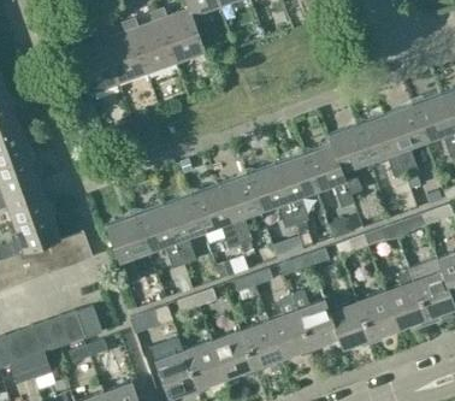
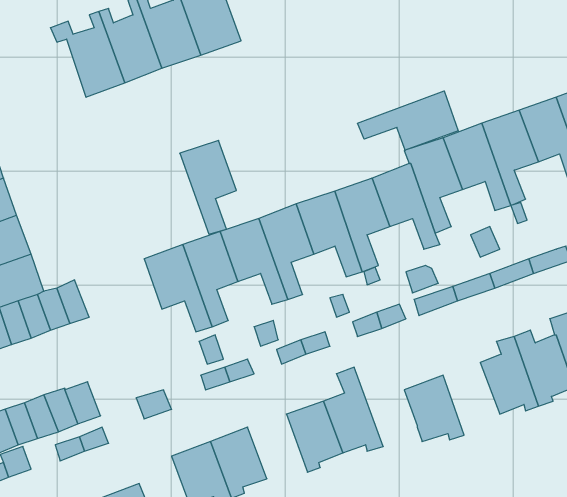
building: none -> [357,91,458,150]
building: [105,214,147,284] -> [180,140,236,234]
building: [290,290,337,354] -> none
building: [356,291,398,346] -> none
building: [211,330,255,378] -> none

